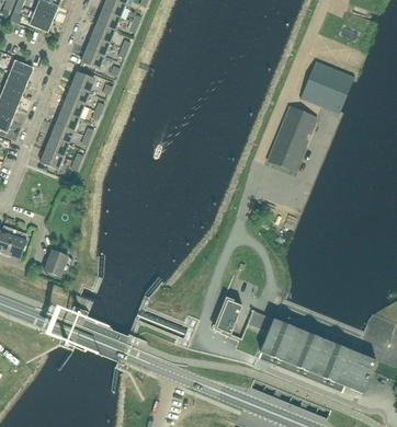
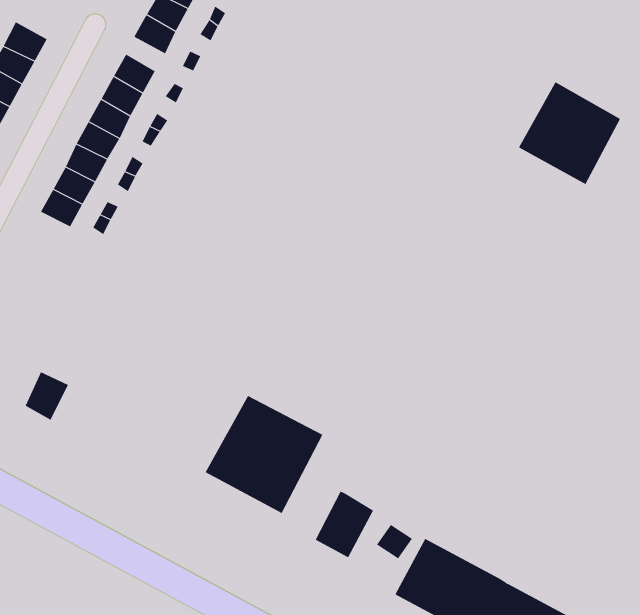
building: [266,104,318,171] -> none
building: none -> [205,395,323,514]

